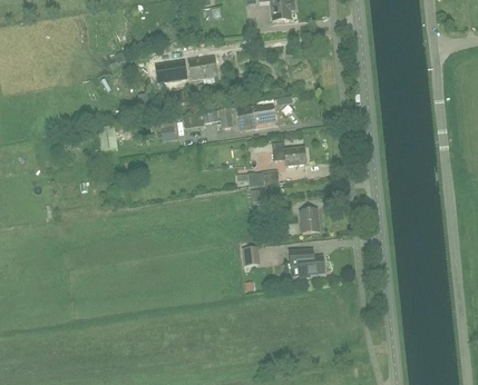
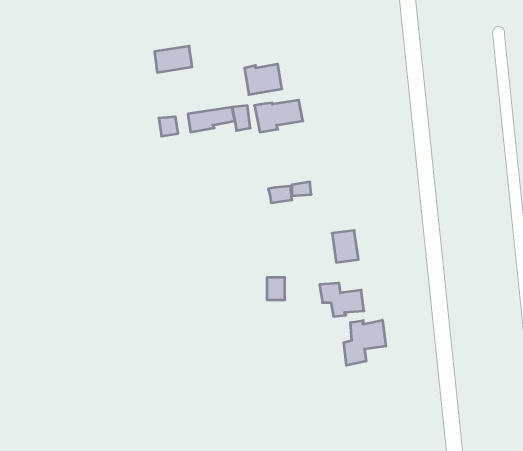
building: [187,53,217,78] -> [245,64,282,95]
building: [272,140,305,165] -> none
building: none -> [344,320,386,365]

